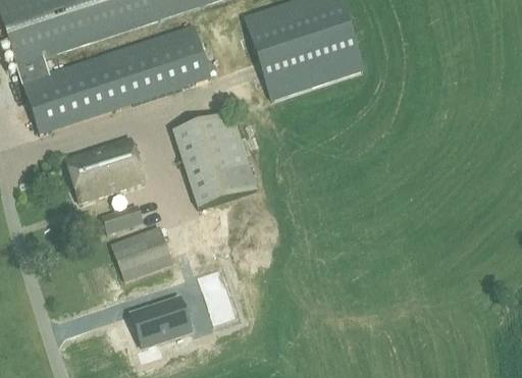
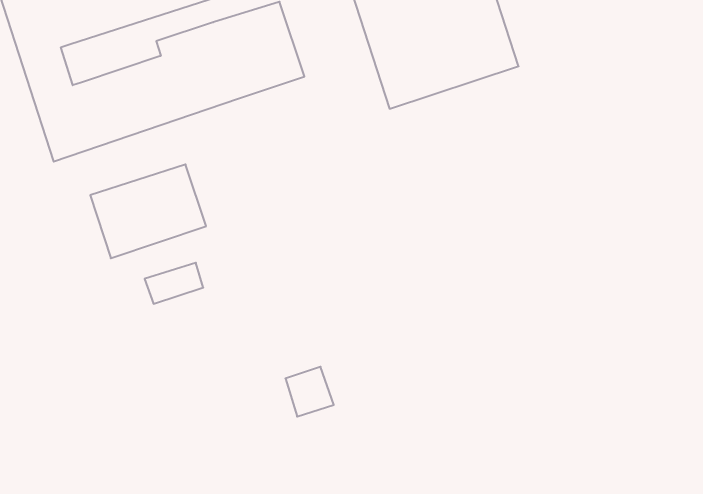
building: [172,111,256,208] -> none
building: [110,225,173,281] -> none
building: [130,296,191,347] -> none

